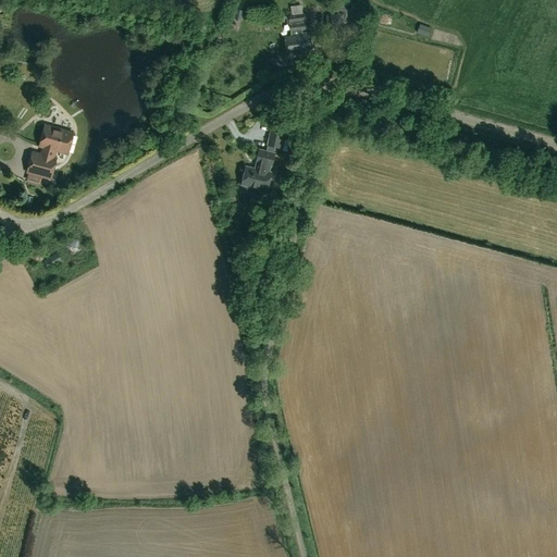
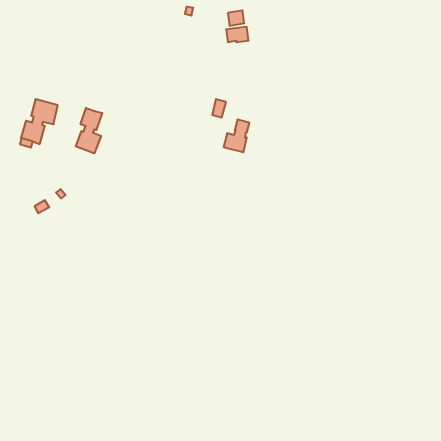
building: none -> [76,108,102,153]
building: [242,149,274,190] -> [224,120,249,152]

